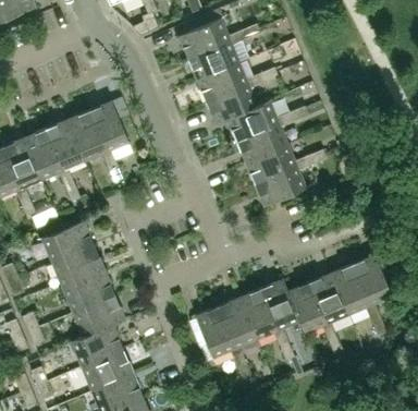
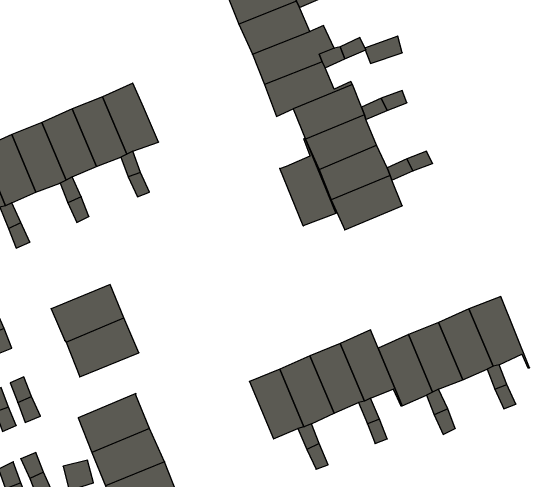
building: none -> [280,138,336,226]
building: [42,220,95,263] -> none
building: [71,294,125,341] -> none

